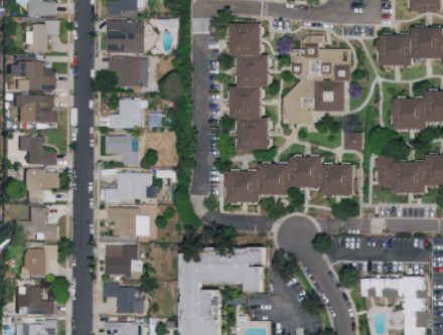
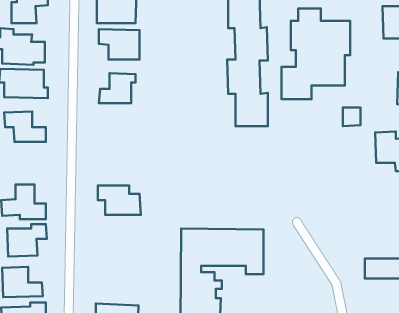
building: [105,134,137,165] -> none
building: [231,156,356,202] -> none
building: [24,170,57,202] -> none
building: [106,172,156,203] -> none
building: [104,244,141,275] -> none
building: [105,282,144,313] -> none

